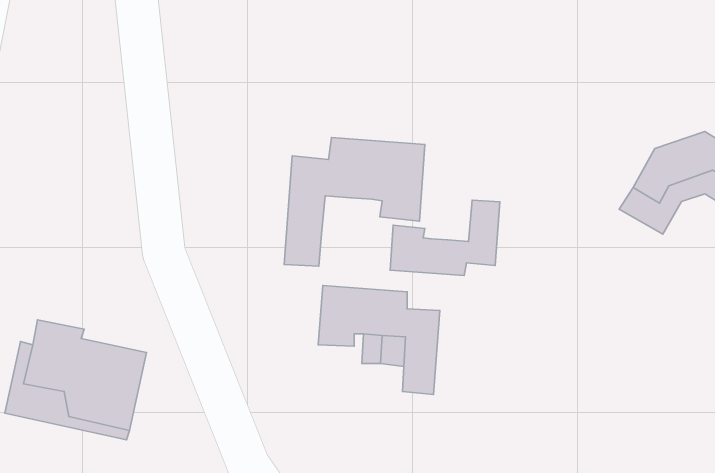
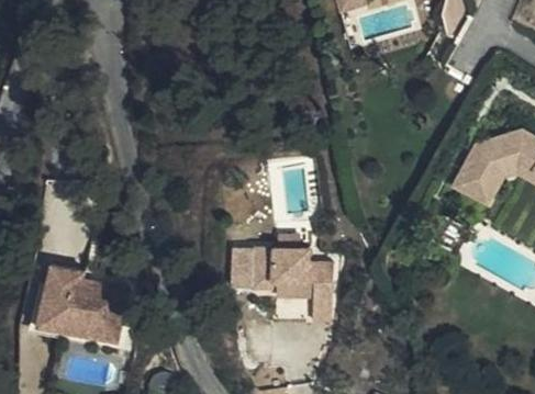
building: [284,138,425,266] -> none
building: [390,200,500,276] -> none

